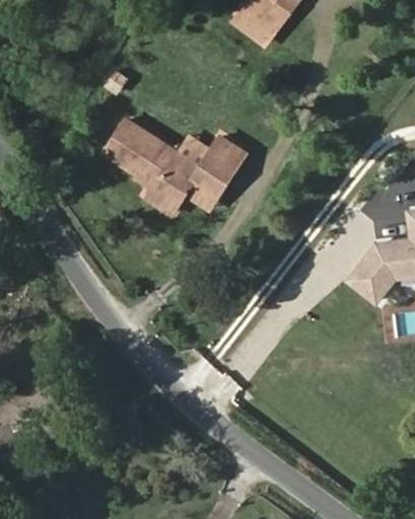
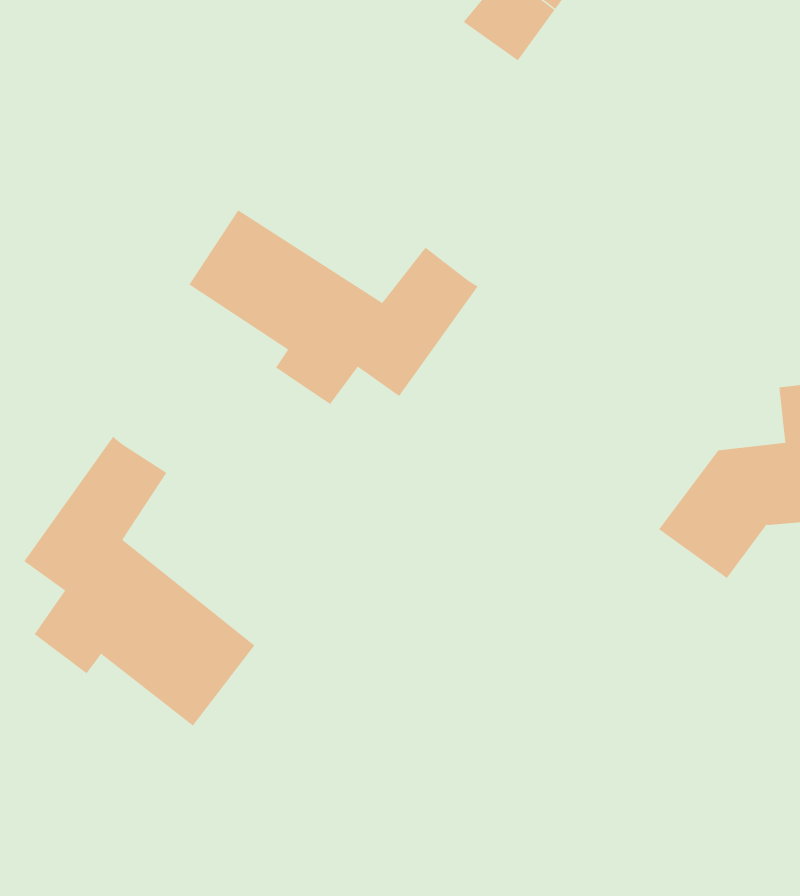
building: none -> [23,436,255,726]

